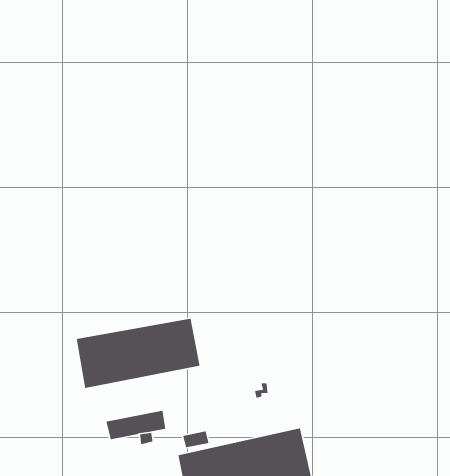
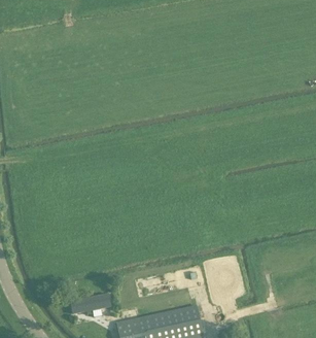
building: [76,318,201,389] -> none

